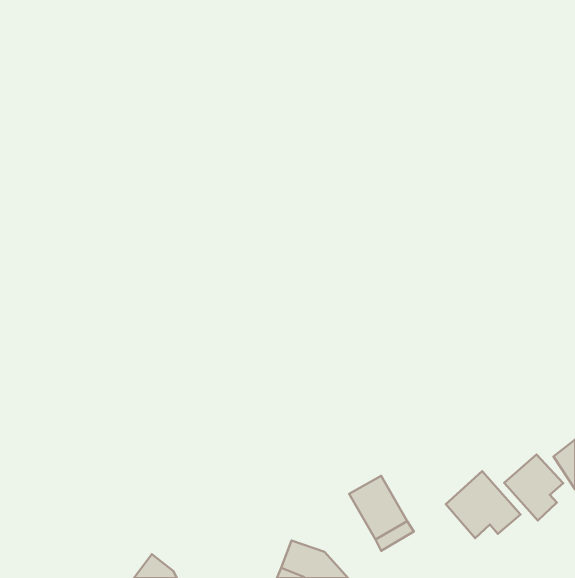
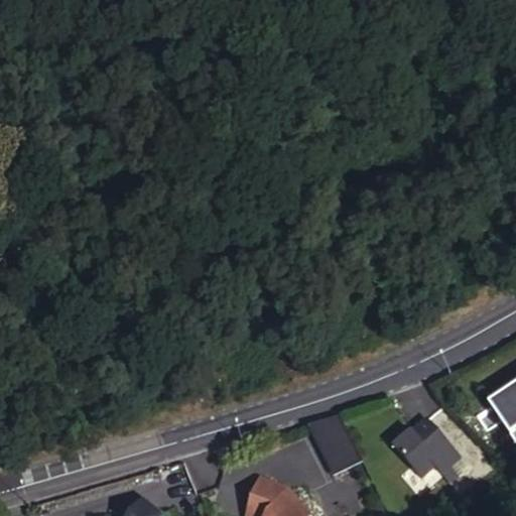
building: [504,454,563,520] -> none

